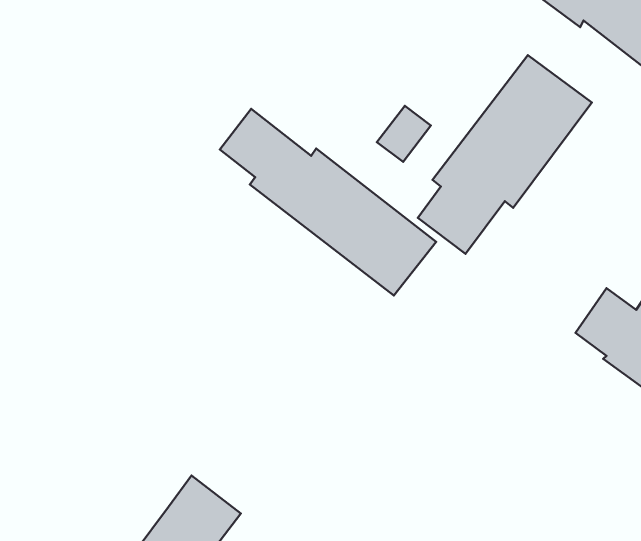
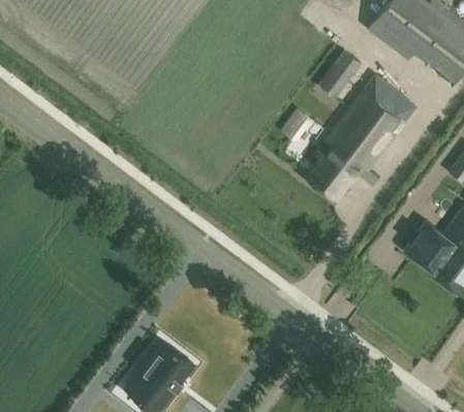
building: none -> [321,53,361,96]
building: [220,109,436,295] -> none

